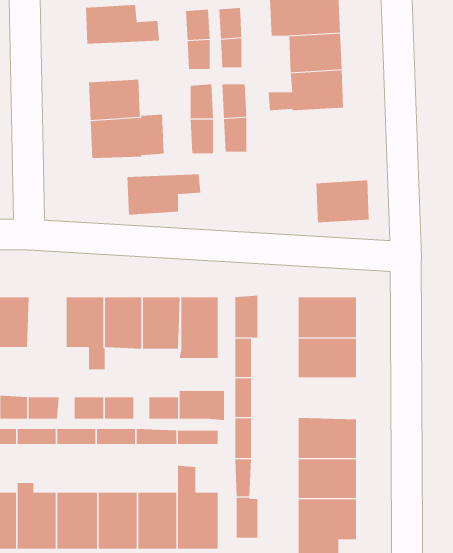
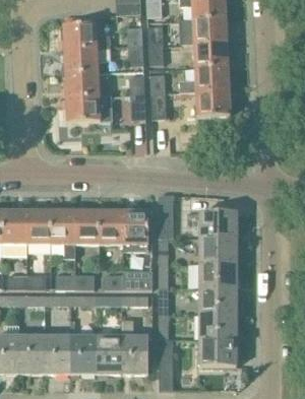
building: [127,174,201,215] -> [63,48,111,74]
building: [316,180,370,223] -> [194,90,229,118]
building: none -> [25,211,50,244]
building: none -> [198,263,236,289]

